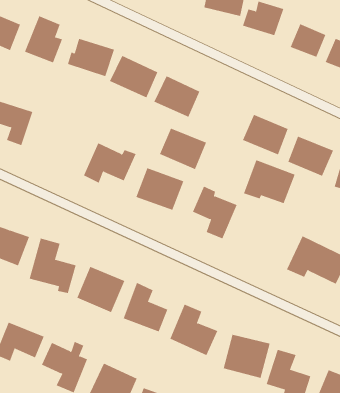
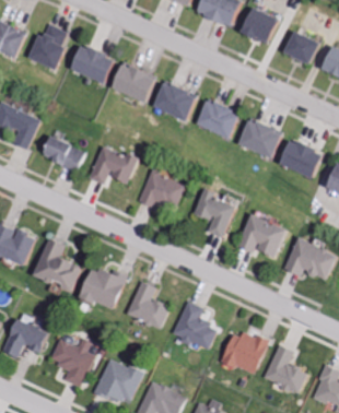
building: [159,128,207,170] -> [198,99,244,140]
building: none -> [39,135,89,172]
building: [243,160,295,204] -> [238,215,289,258]

